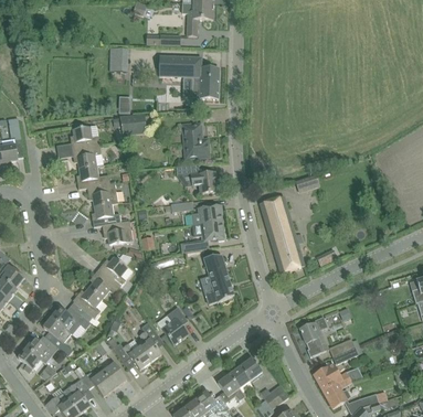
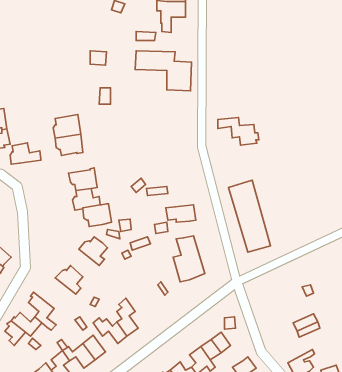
building: [119,114,146,135] -> none
building: [181,122,209,158] -> none
building: [176,163,220,193] -> [218,117,259,145]
building: [76,164,109,188] -> [10,143,41,164]
building: [190,203,222,224] -> none
building: [88,268,119,298] -> none
building: [49,306,89,338] -> none
building: [161,307,187,344] -> none
building: [299,316,327,355] -> none
building: [313,363,362,391] -> none

